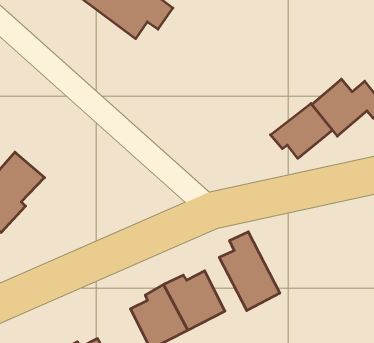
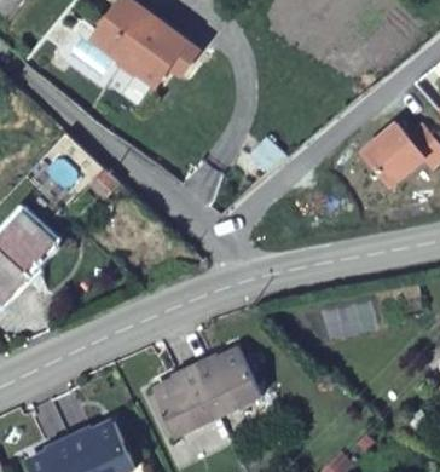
building: [270,103,332,158] -> none
building: [219,232,280,311] -> none

